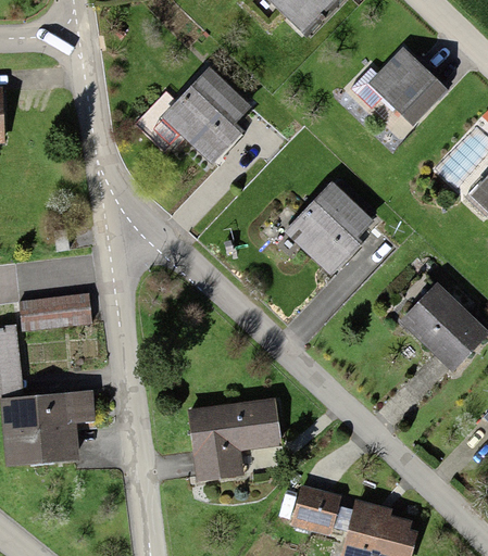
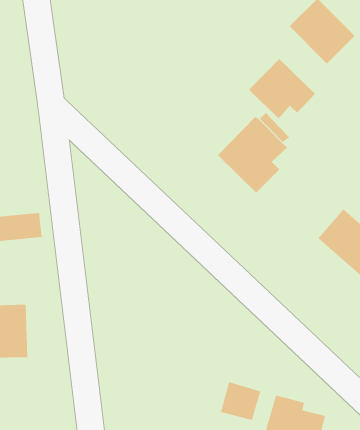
building: [163,70,247,162] -> none
building: none -> [249,58,316,119]
building: [188,401,281,481] -> none

